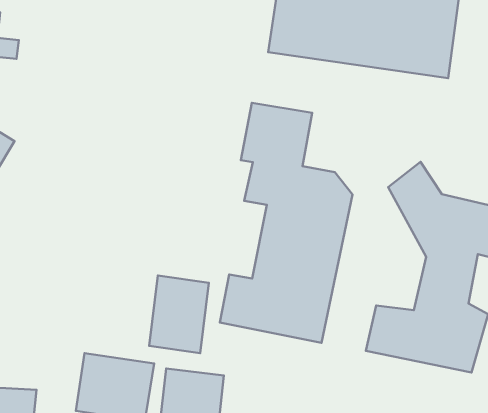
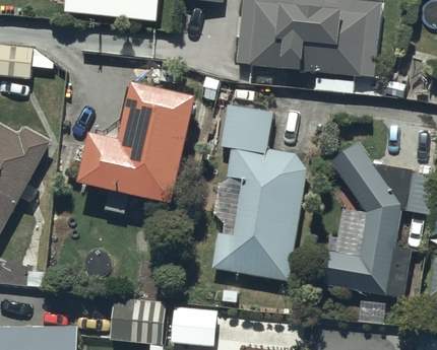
building: none -> [80,79,197,201]
building: [149,276,209,353] -> none

